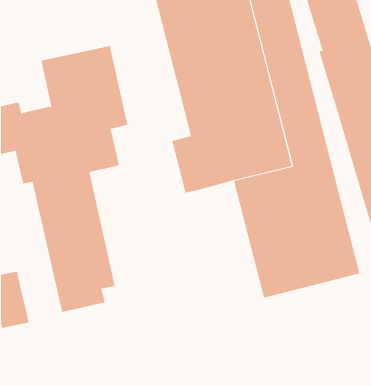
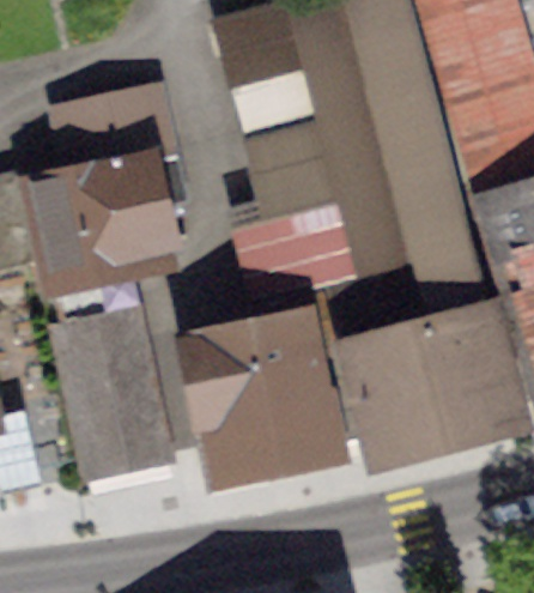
building: none -> [189,280,370,467]

